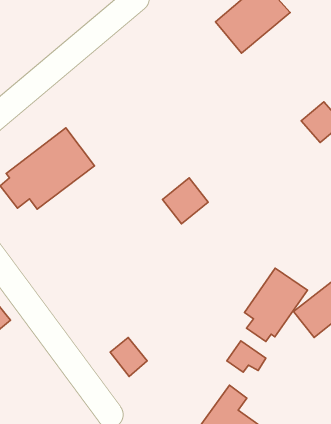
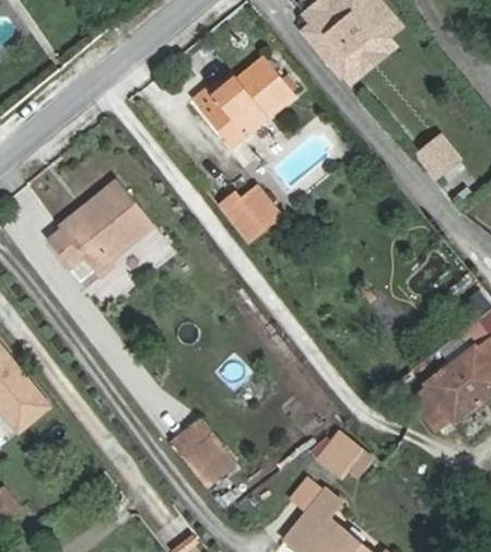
building: none -> [190,55,288,149]
building: [162,178,208,224] -> [224,184,282,242]
building: [245,268,307,342] -> none

